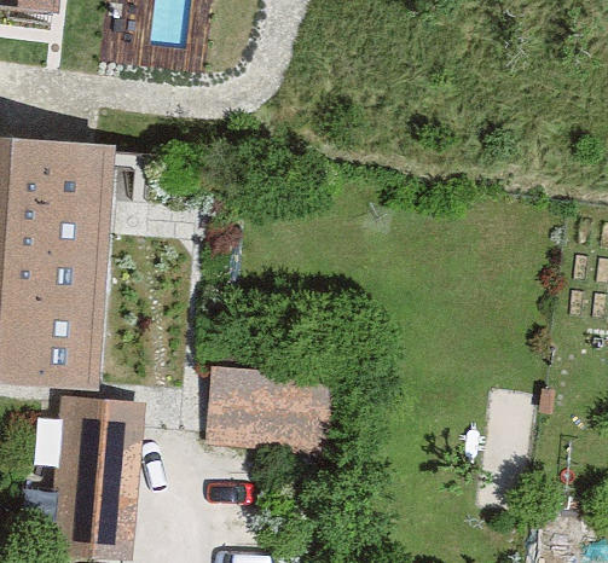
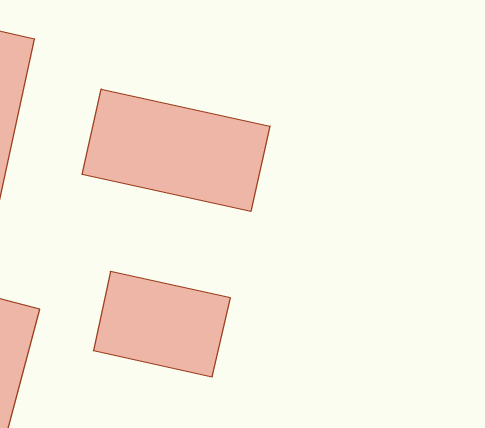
building: none -> [82,89,270,211]

